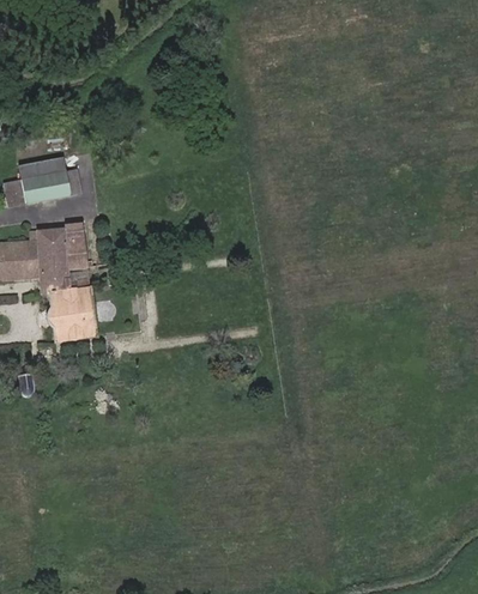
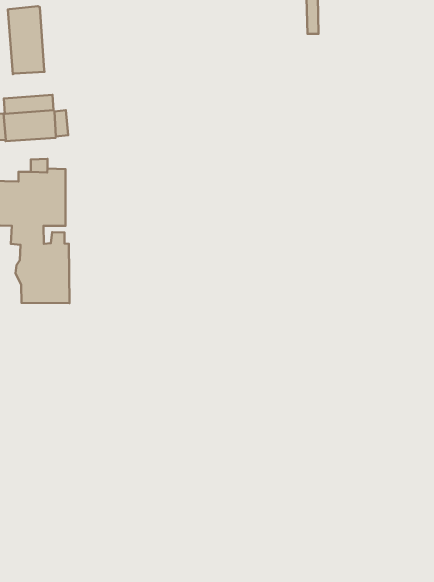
building: none -> [8,6,45,74]

